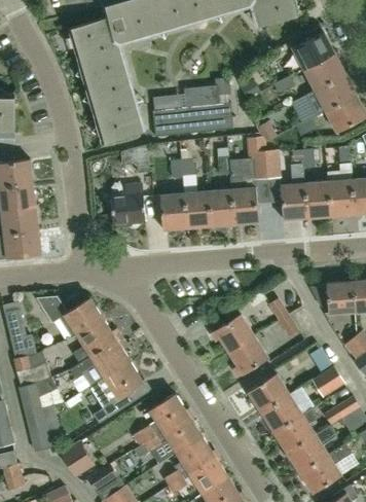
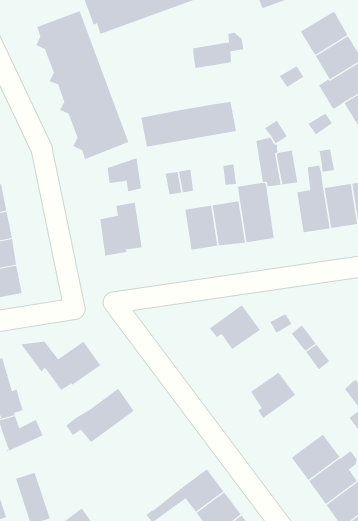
building: [185,78,229,107] -> [192,32,244,69]
building: [160,192,187,229] -> none
building: [211,314,255,352] -> [209,305,261,350]
building: [73,320,117,363] -> none
building: [90,361,149,417] -> none
building: [248,372,289,410] -> none
building: [17,377,57,411] -> none
building: [133,394,188,446] -> none

